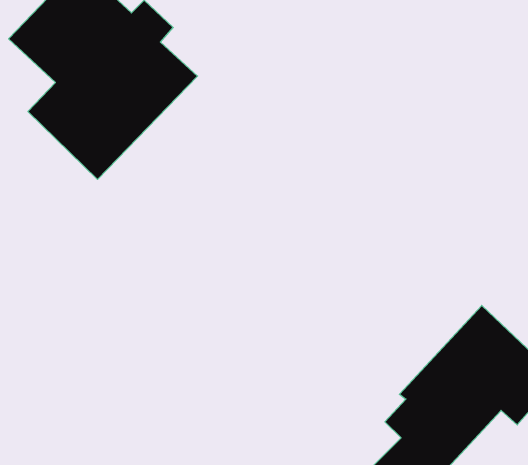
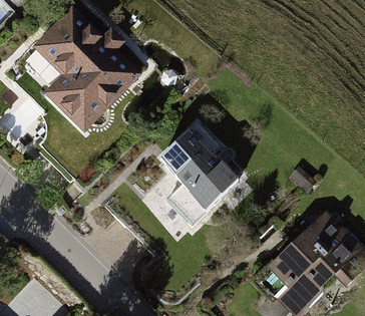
building: none -> [151,121,243,228]

